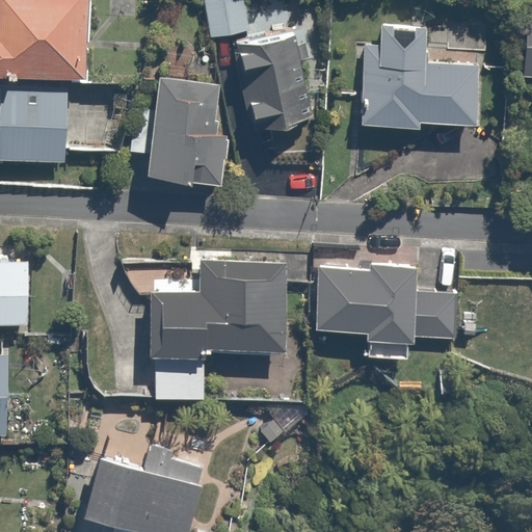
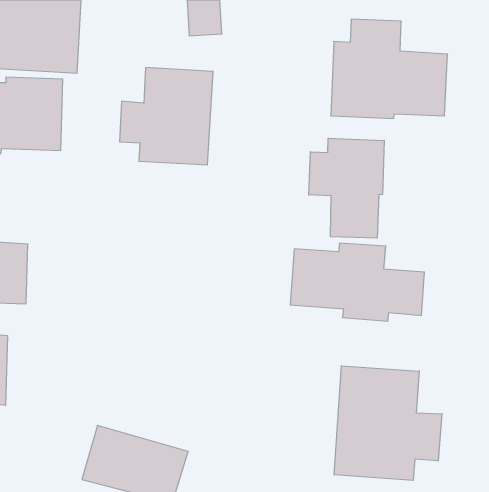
building: [233,37,318,139] -> none
building: none -> [309,138,384,238]
building: [149,258,287,400] -> none
building: none -> [334,366,442,480]

